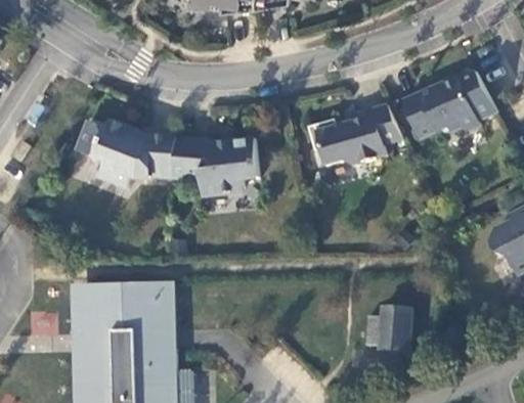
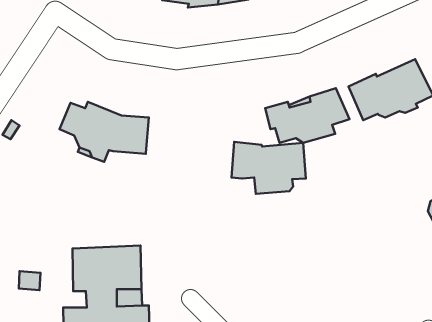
building: [173,137,257,195] -> [231,142,306,194]
building: [78,283,106,351] -> none
building: [363,304,414,347] -> none

